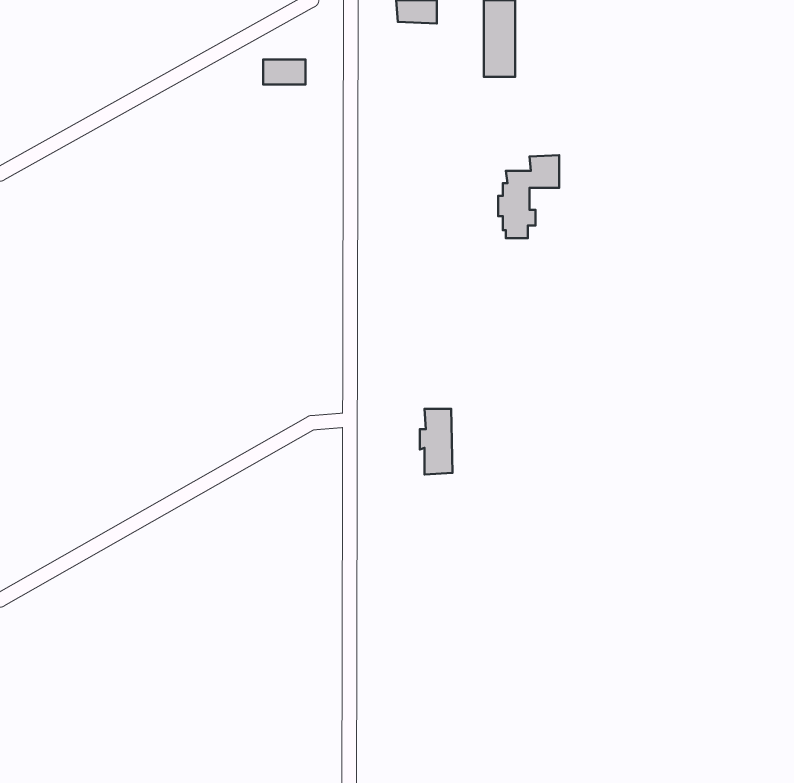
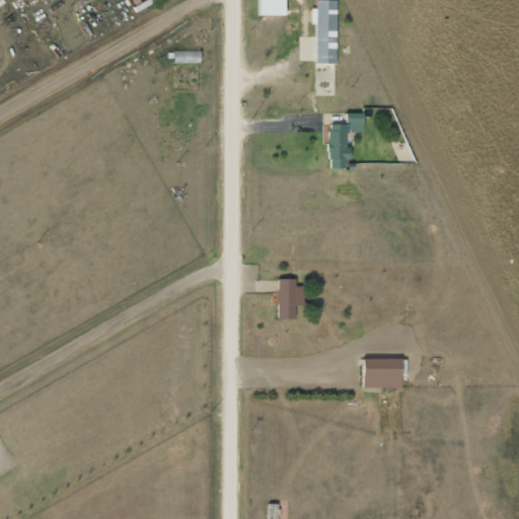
building: none -> [363,356,403,387]

